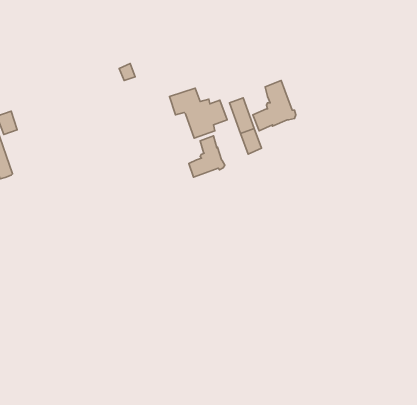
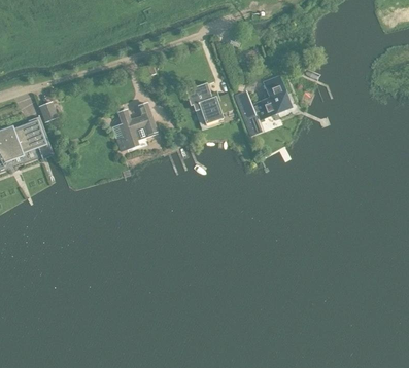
building: none -> [111,103,157,150]
building: [189,136,225,177] -> none

